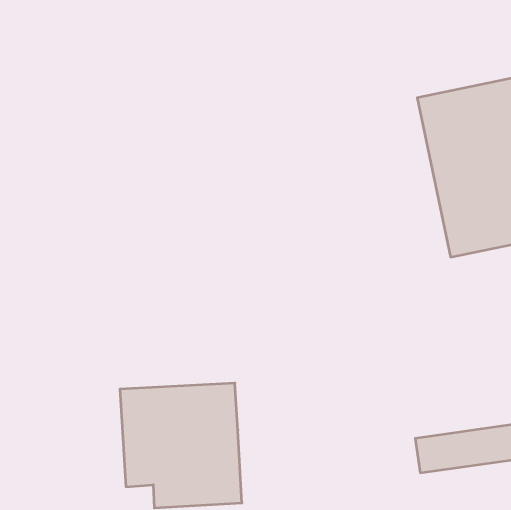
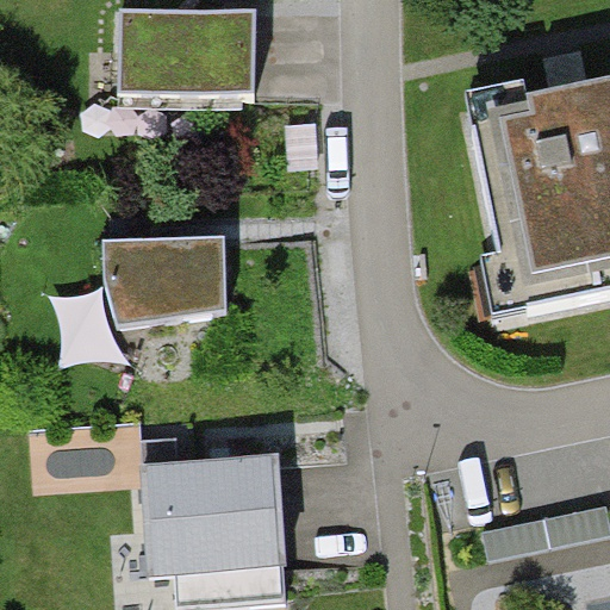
building: none -> [97,11,235,110]
building: none -> [81,235,206,331]

